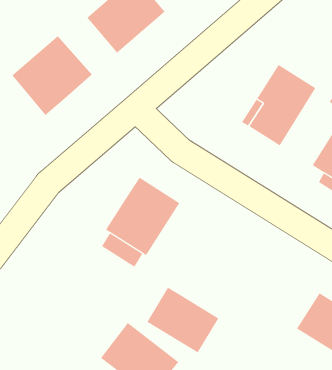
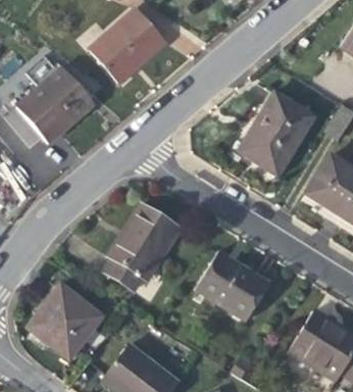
building: none -> [30,284,103,357]
building: [146,287,219,353] -> [198,252,268,316]

